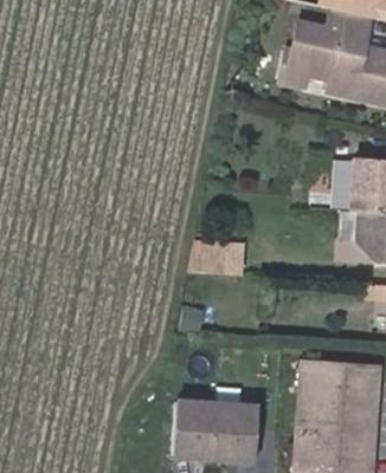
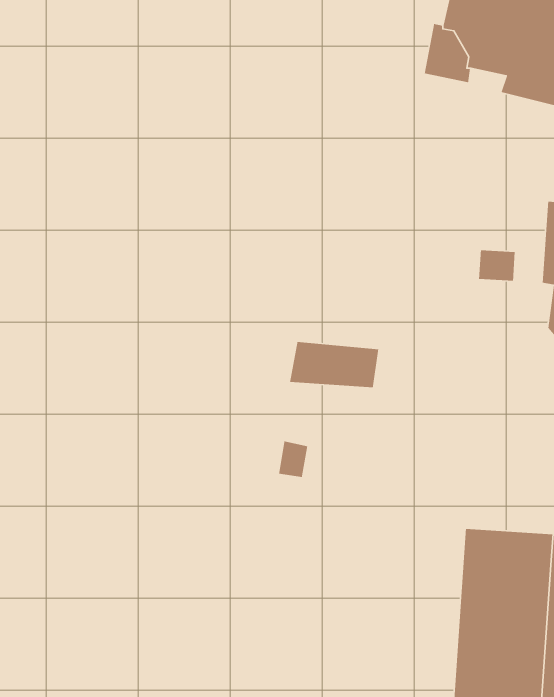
building: [174,402,259,465] -> none

